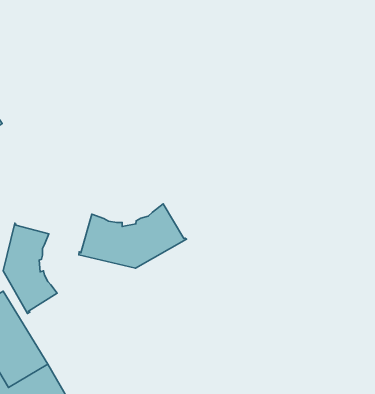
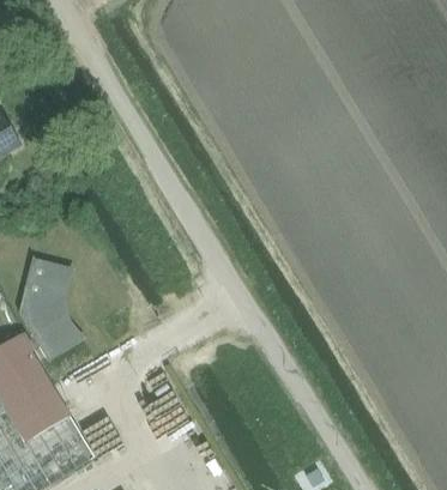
building: [79,204,187,268] -> none

